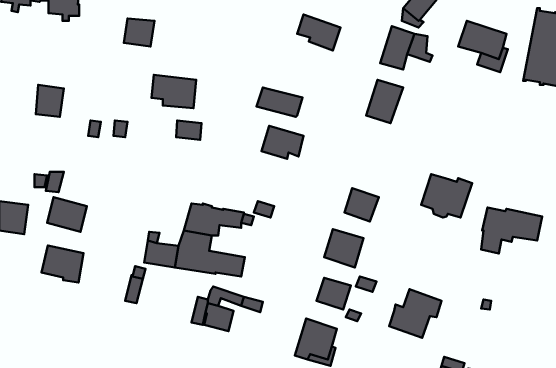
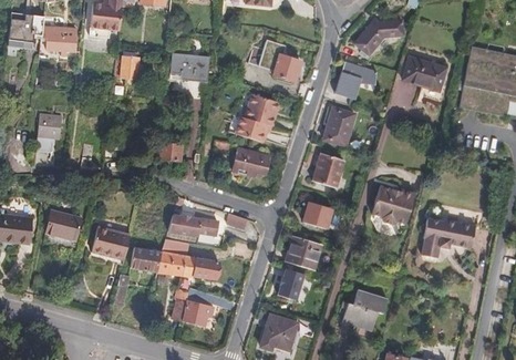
building: none -> [237,92,278,123]
building: [151,75,196,108] -> [171,53,209,82]
building: none -> [314,154,345,189]
building: [41,246,84,283] -> [93,225,130,257]

